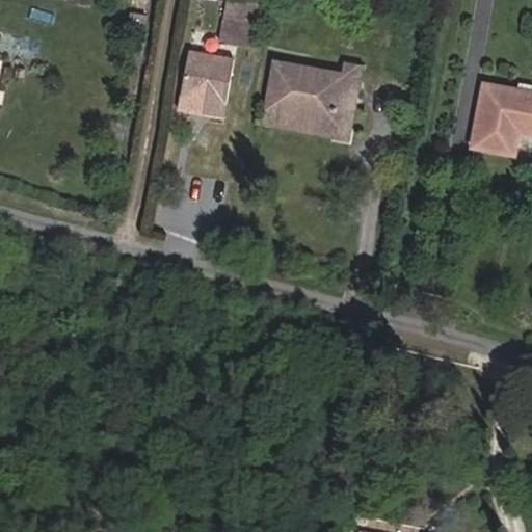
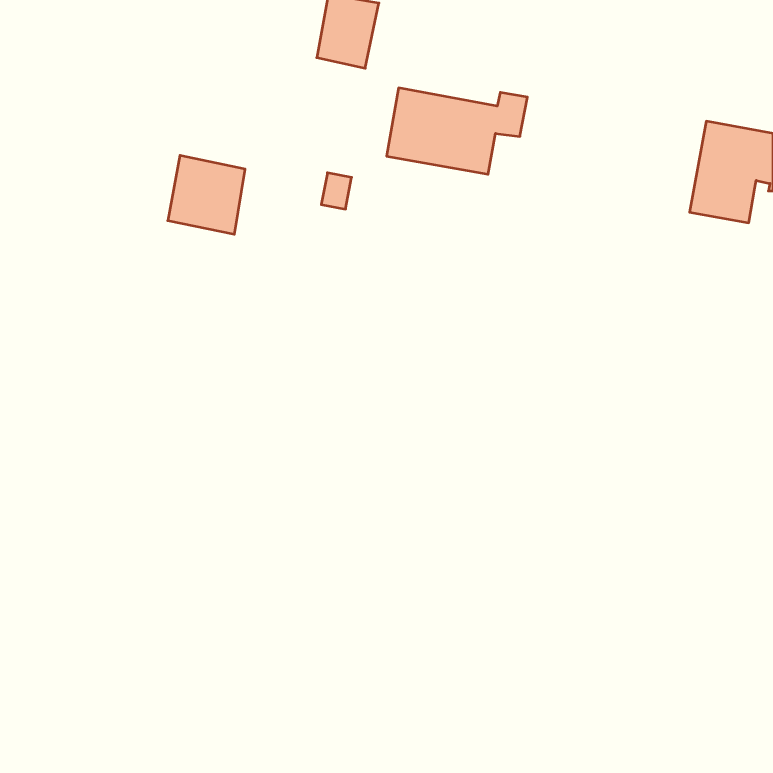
building: [180,50,233,104] -> [168,155,245,234]
building: [262,91,356,138] -> none

